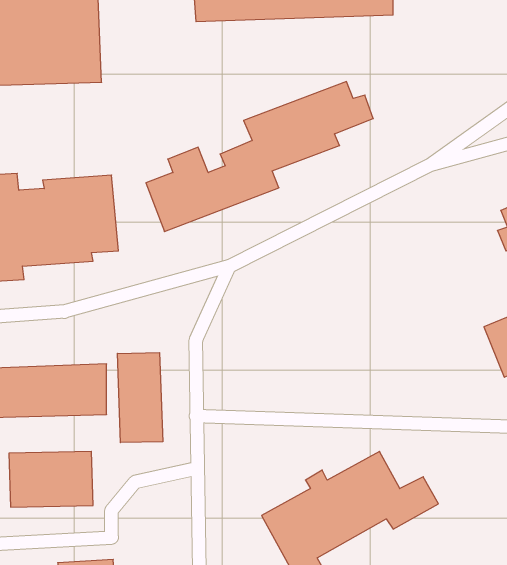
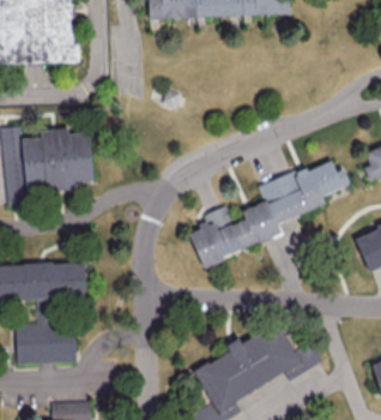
building: [146,82,373,232] -> [188,158,350,265]
building: [117,353,163,443] -> none

